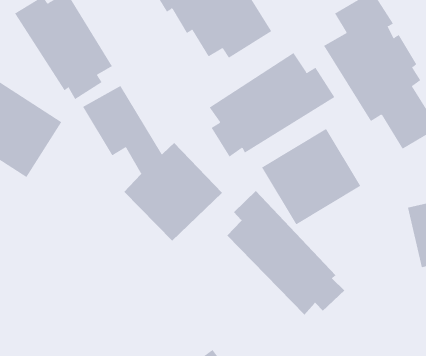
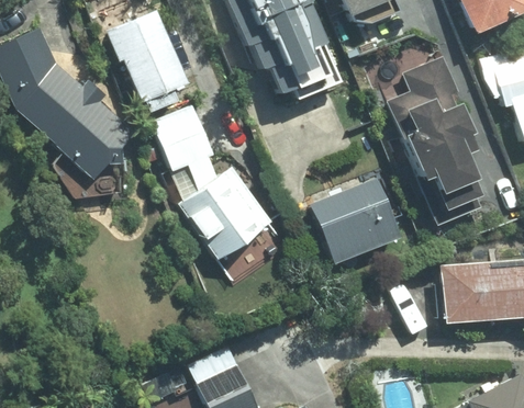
building: [209,52,335,157] -> none
building: [226,190,345,315] -> none

